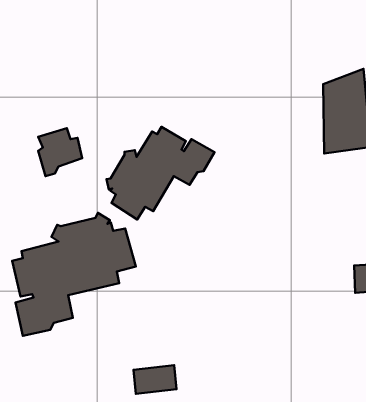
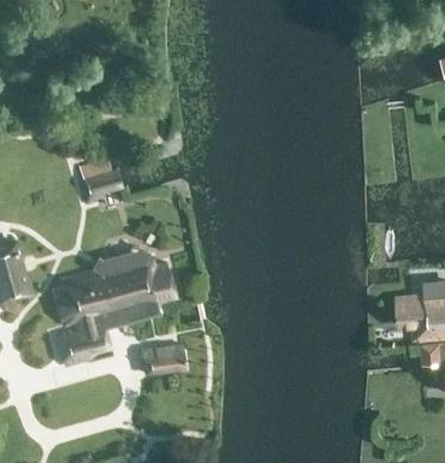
building: [106,127,214,220] -> none
building: [134,365,176,394] -> [142,345,185,374]

